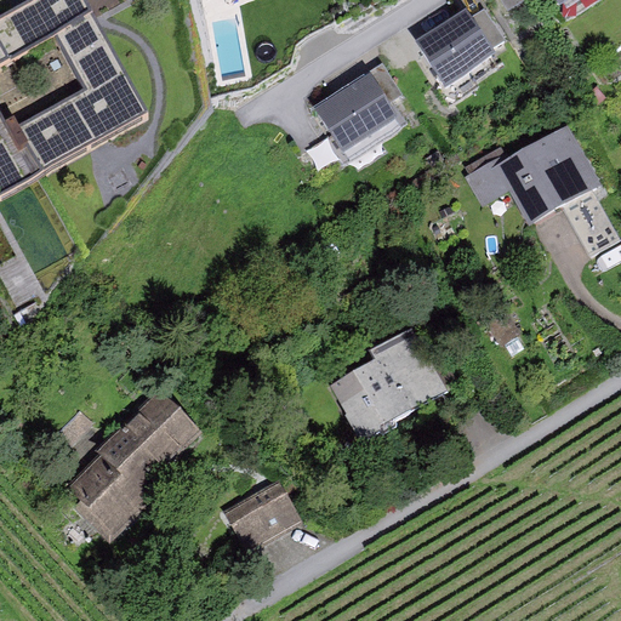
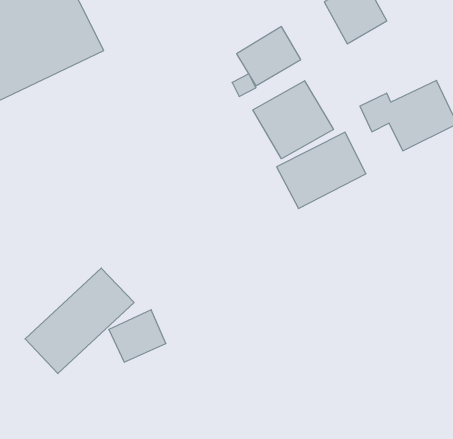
building: none -> [253,81,333,159]
building: [331,335,444,434] -> [277,132,366,209]
building: [226,480,298,548] -> [109,310,166,362]

